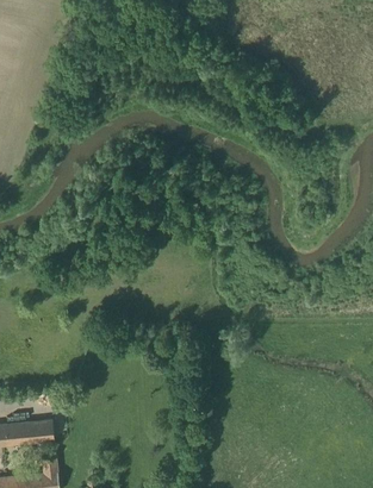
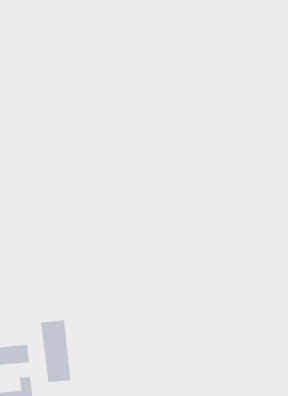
building: none -> [40,320,71,383]

